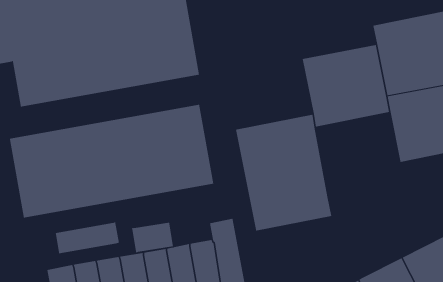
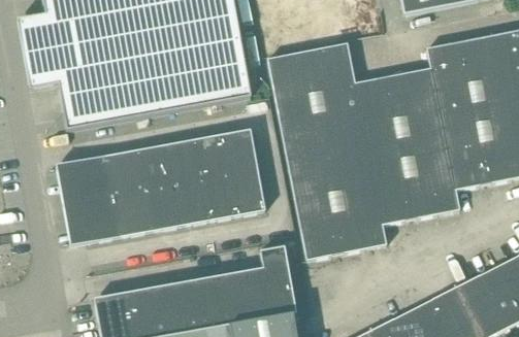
building: none -> [268,43,366,155]
building: none -> [368,137,459,224]
building: [55,222,119,254] -> none
building: [131,222,174,253] -> none

